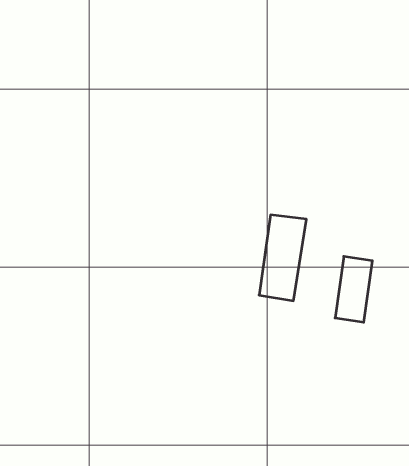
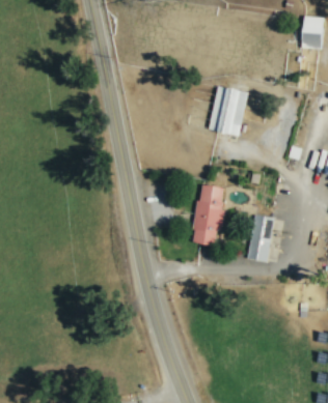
building: none -> [207,85,248,136]

